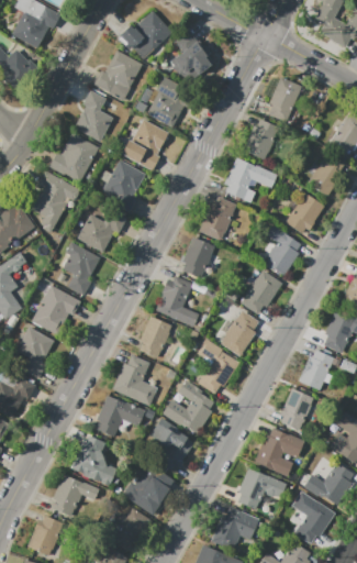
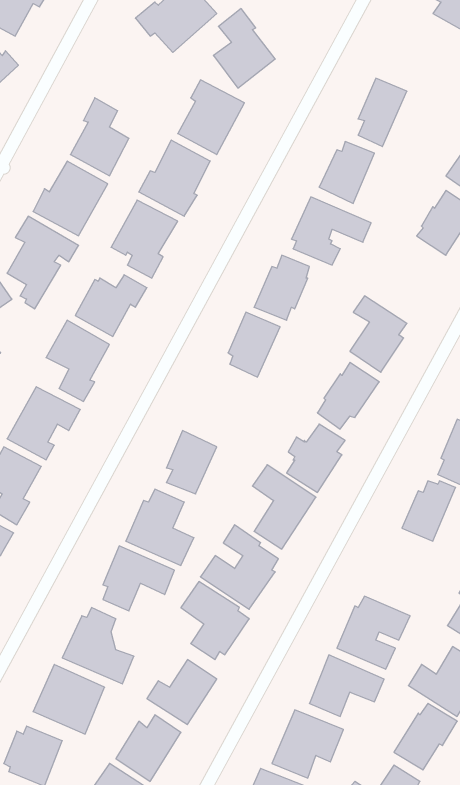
building: [93,51,144,101] -> none
building: [286,190,325,233] -> none
building: [156,274,209,333] -> none
building: [279,388,315,432] -> none

